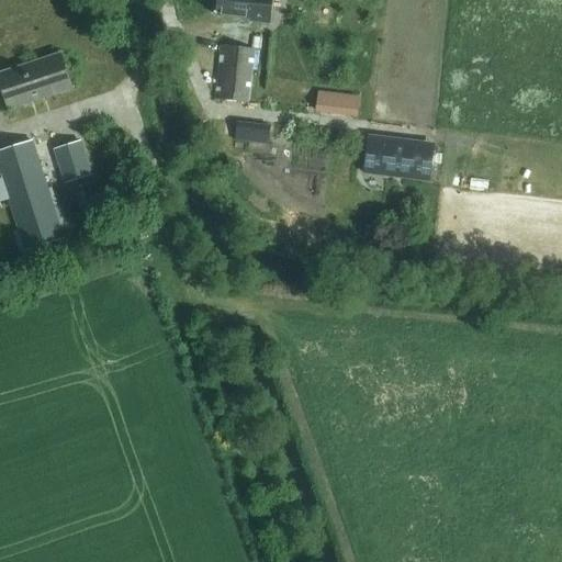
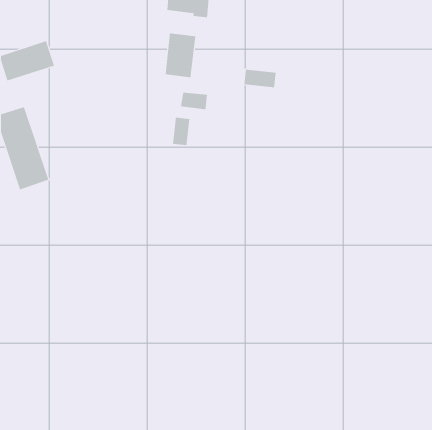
building: [363,133,435,180] -> none
building: [54,139,91,181] -> none
building: none -> [173,117,190,146]

